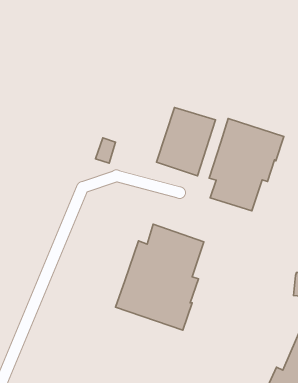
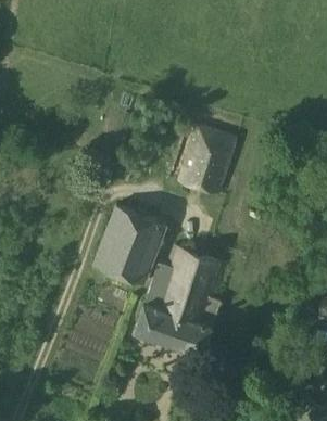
building: [209,118,284,211] -> none
building: none -> [93,205,168,284]

